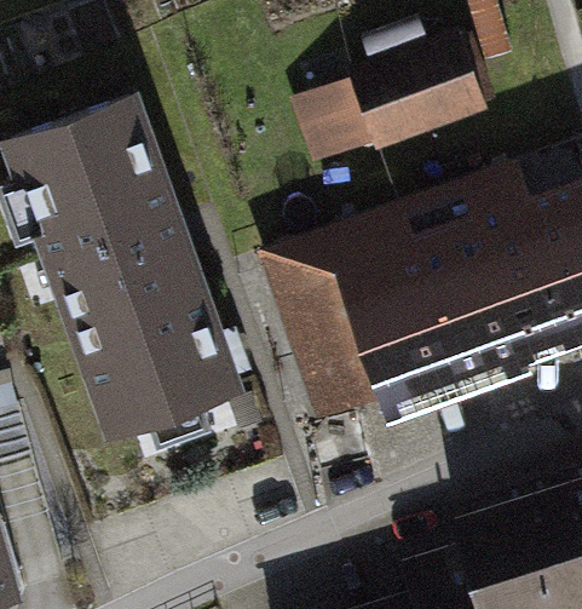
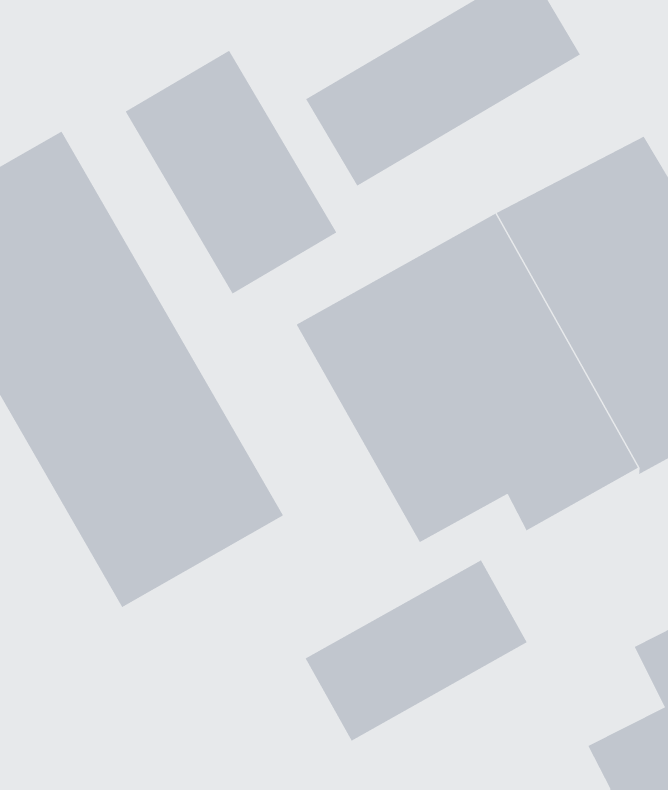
building: none -> [125,50,337,294]
building: none -> [305,559,528,741]

